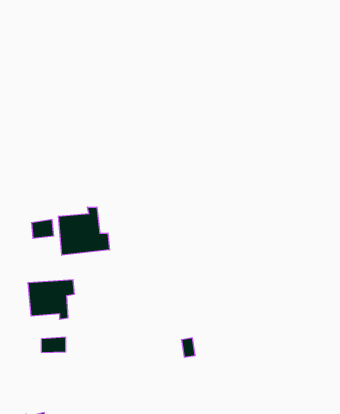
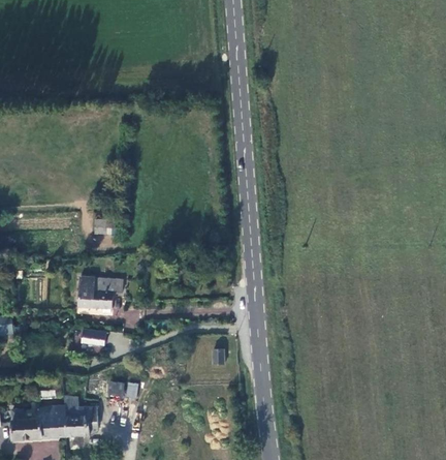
building: [59,207,109,255] -> none
building: none -> [105,382,136,400]

